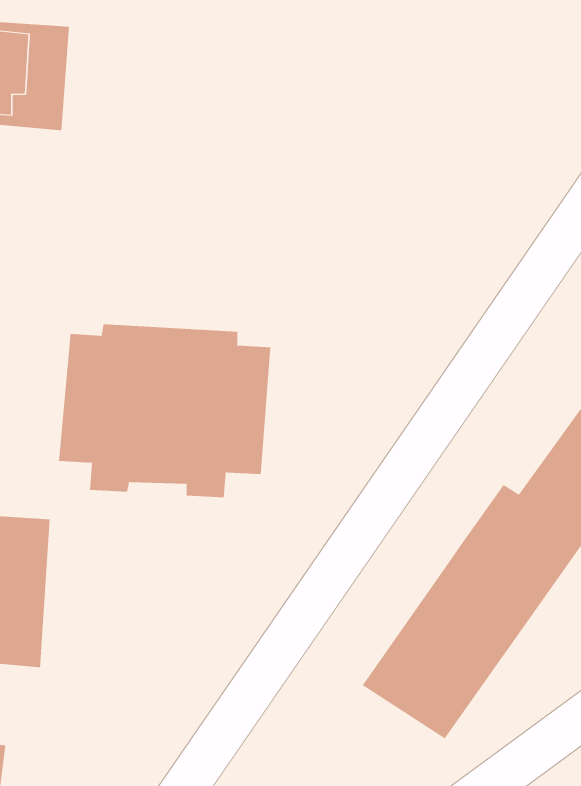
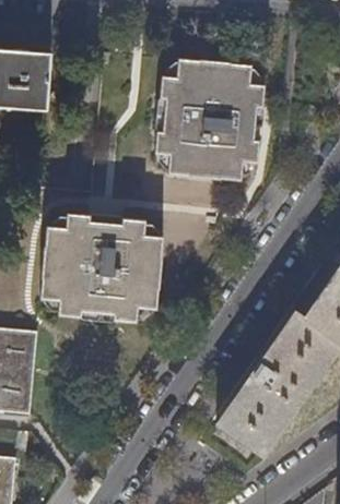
building: none -> [156,59,257,177]

